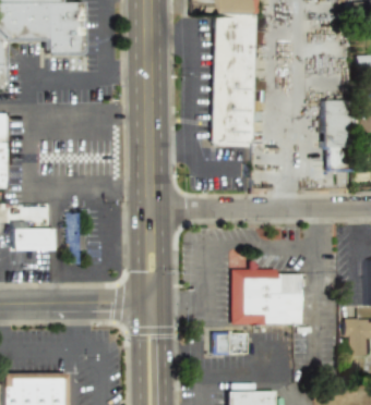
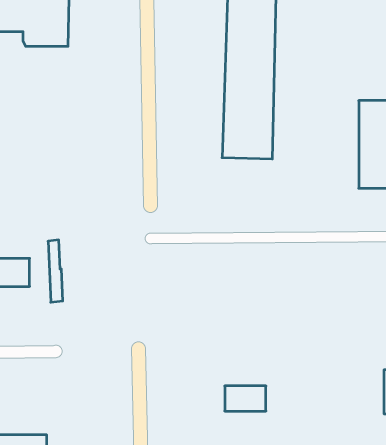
building: [231,268,301,326] -> none

